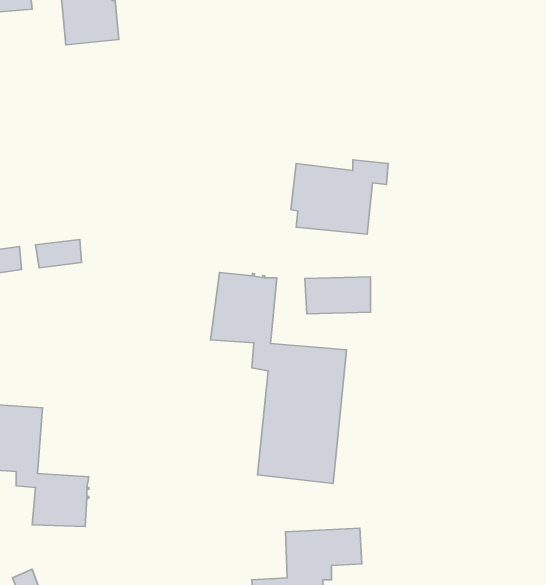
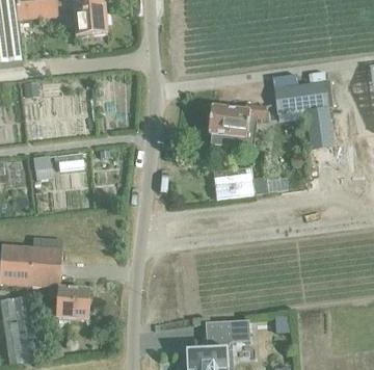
building: none -> [273,80,327,112]
building: none -> [312,110,332,144]
building: [211,272,346,483] -> none

